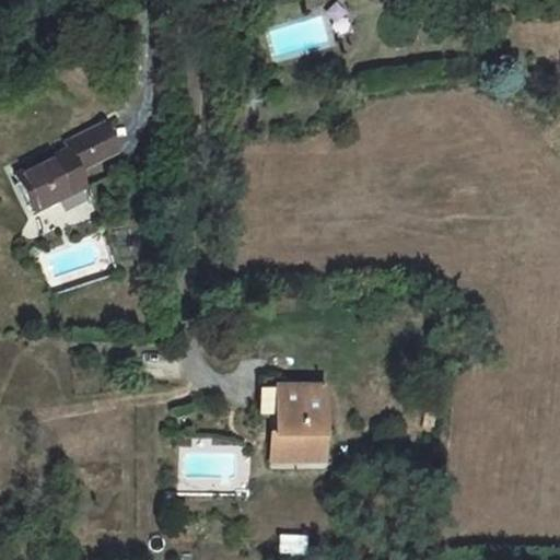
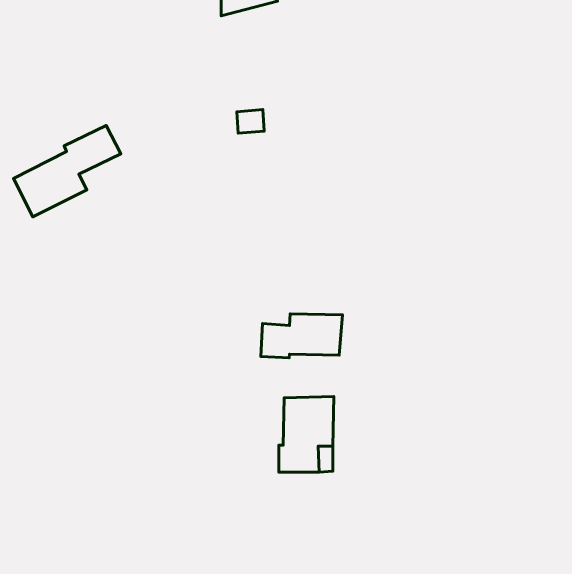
building: none -> [261,314,342,358]

